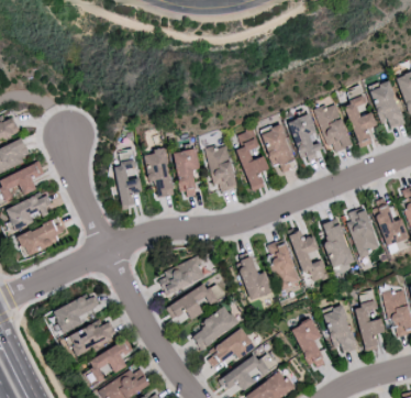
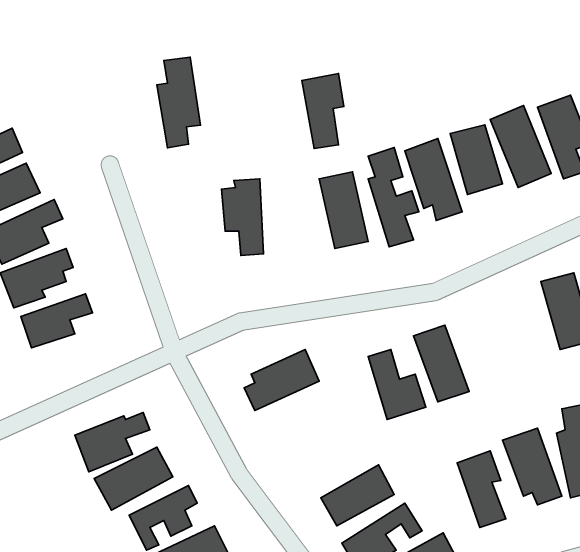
building: [174,148,200,196] -> [302,73,344,148]
building: [114,150,142,207] -> [157,57,201,148]
building: [319,219,354,268] -> none
building: [288,230,331,284] -> none
building: [166,284,218,320] -> none
building: [191,305,238,351] -> none

